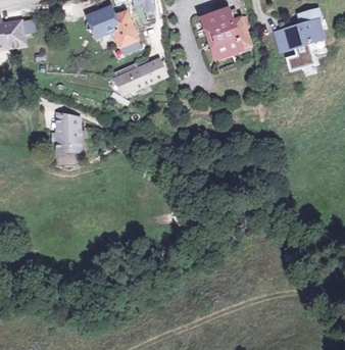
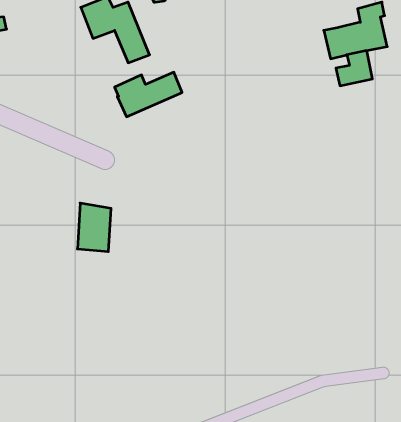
building: [204,11,251,58] -> none
building: [57,119,83,156] -> [77,203,111,252]

